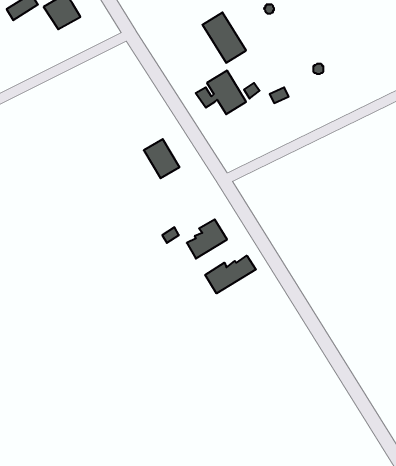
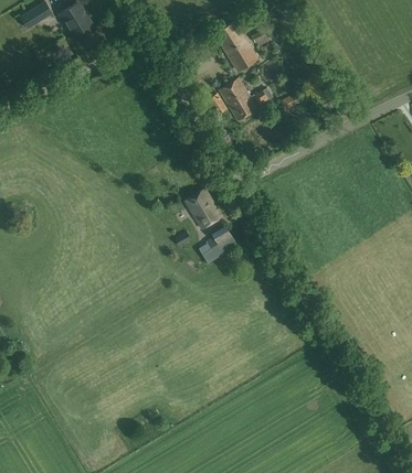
building: [144,139,180,178] -> [184,190,220,228]
building: [205,256,256,293] -> none

